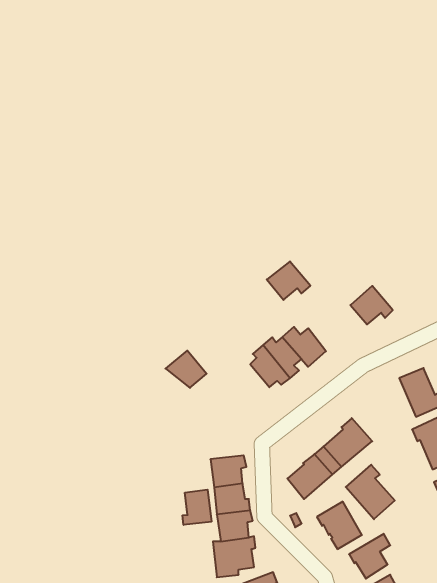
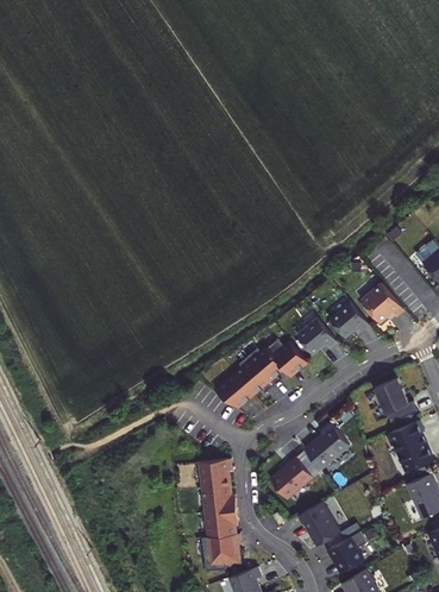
building: [267,261,310,300] -> [296,319,337,354]
building: none -> [360,283,403,322]
building: [165,351,207,388] -> [217,374,255,409]
building: [346,465,395,519] -> none
building: [183,490,211,525] -> none

